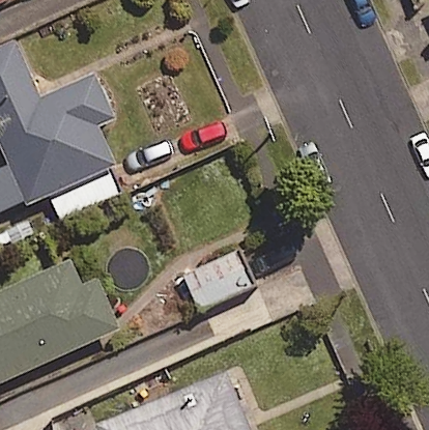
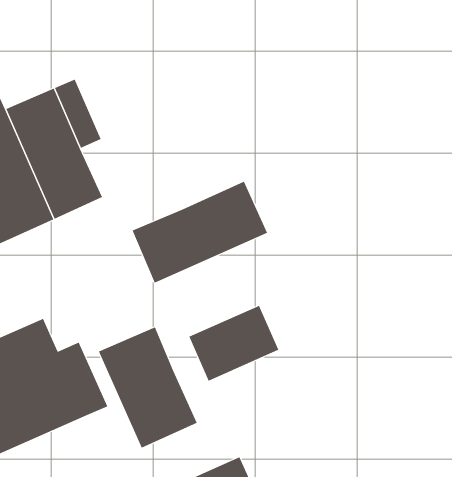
building: none -> [132,181,268,283]
building: none -> [98,327,198,448]

